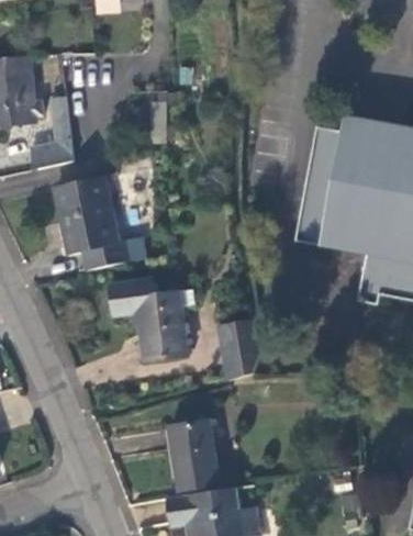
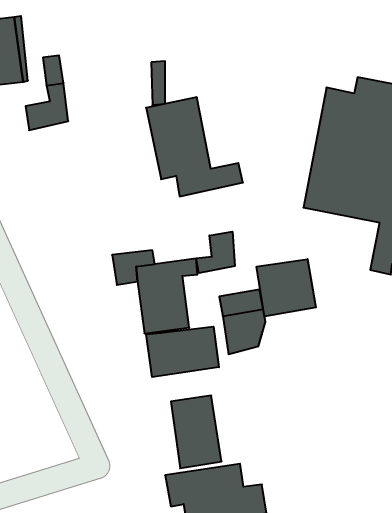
building: [53,174,145,268] -> [146,97,243,196]
building: none -> [196,232,235,273]
building: none -> [257,259,316,317]
building: none -> [146,327,219,377]

